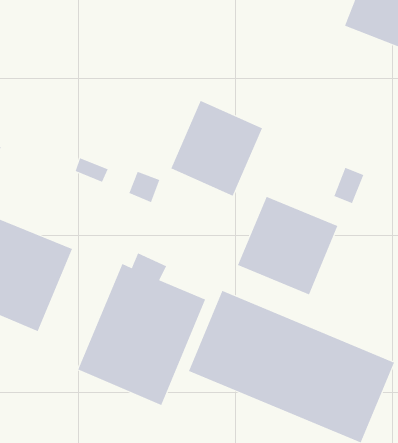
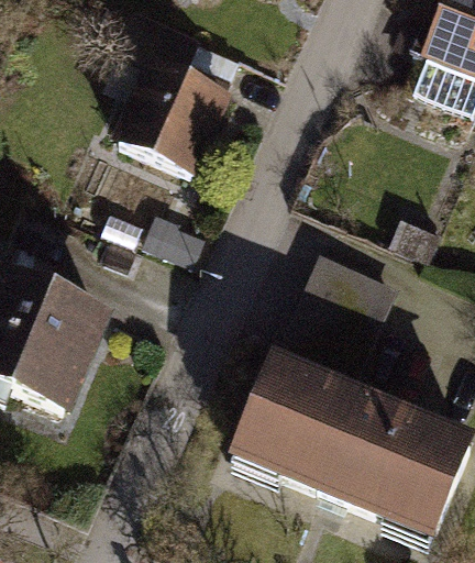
building: [170,100,263,196] -> [120,60,225,170]
building: [77,253,206,406] -> none

